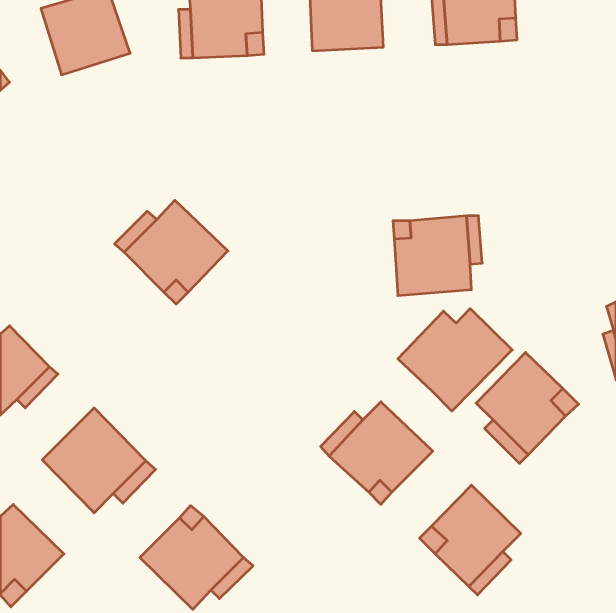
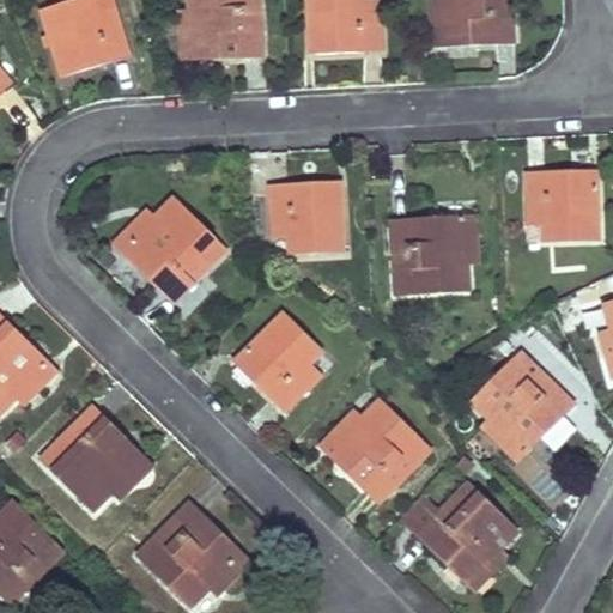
building: none -> [526,170,599,239]
building: none -> [269,181,342,251]
building: [398,309,512,411] -> none
building: none -> [235,311,320,409]

